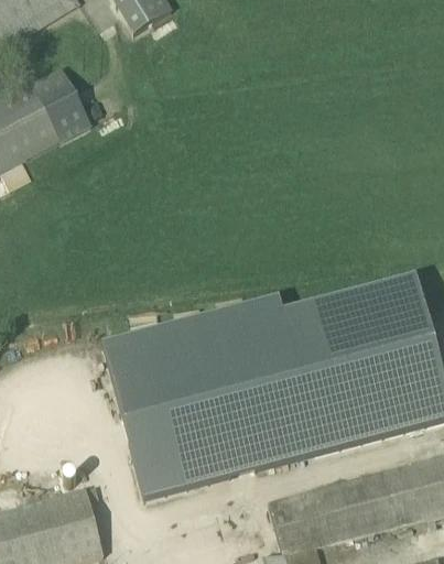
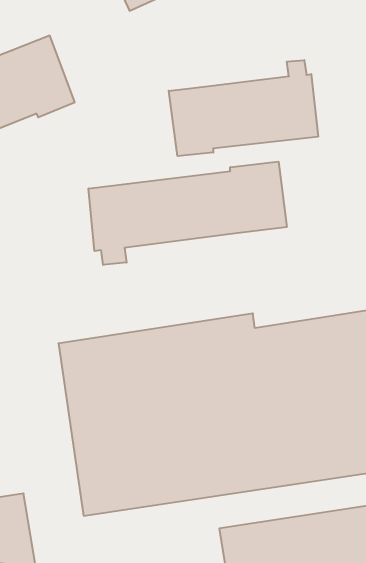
building: none -> [169,60,318,156]
building: none -> [89,162,287,265]

